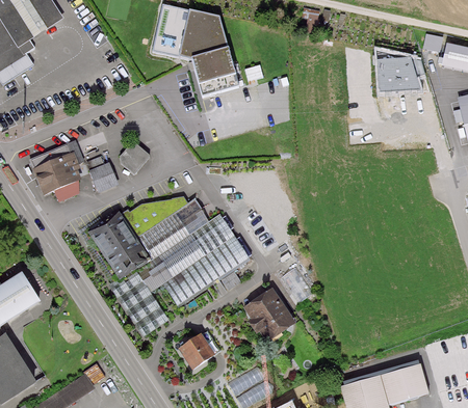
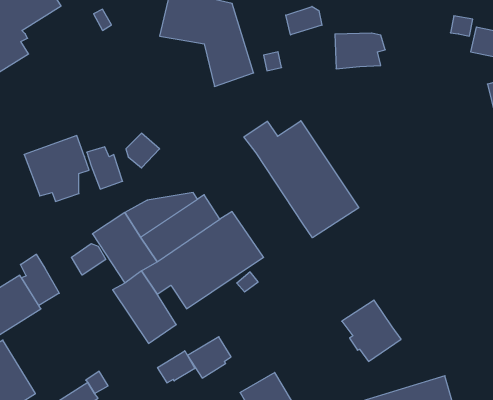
building: none -> [286,6,322,35]
building: [378,60,424,93] -> [335,33,385,69]
building: none -> [244,121,359,238]
building: none -> [71,244,106,275]
building: none -> [20,254,59,305]
building: [241,285,296,343] -> [342,300,401,361]
building: none -> [158,351,195,383]

